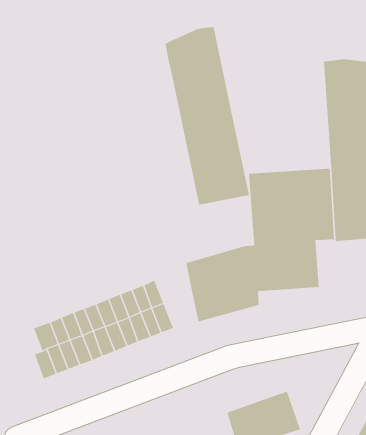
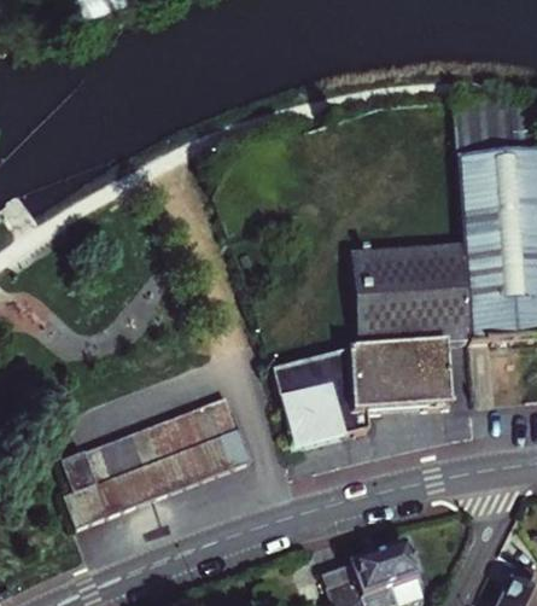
building: [165,26,250,205] -> none

